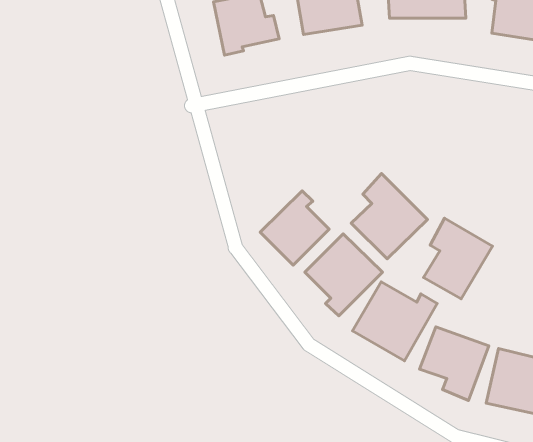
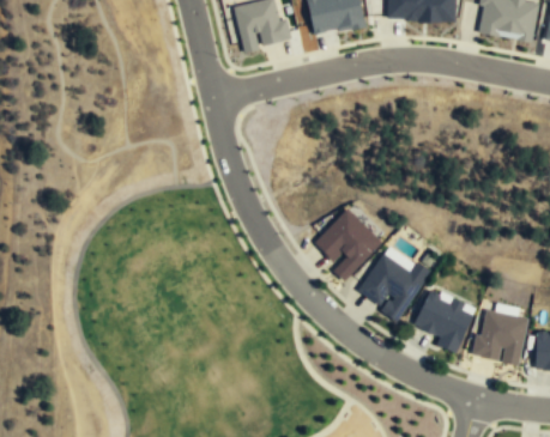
building: [351,173,428,259] -> none
building: [260,191,329,265] -> none
building: [423,218,492,299] -> none

